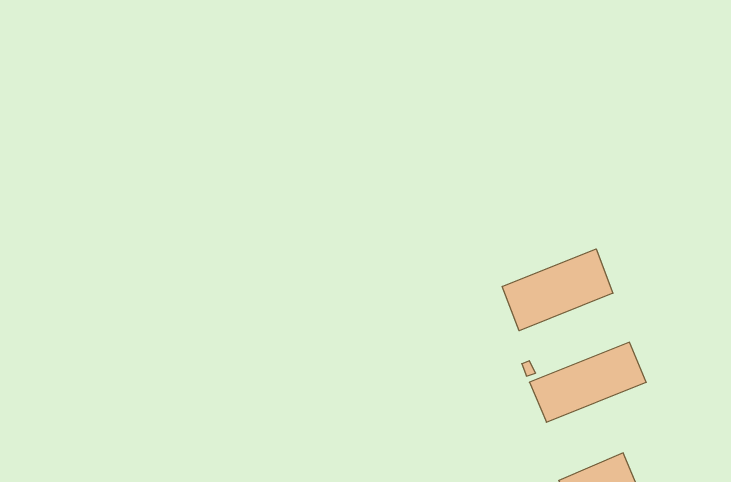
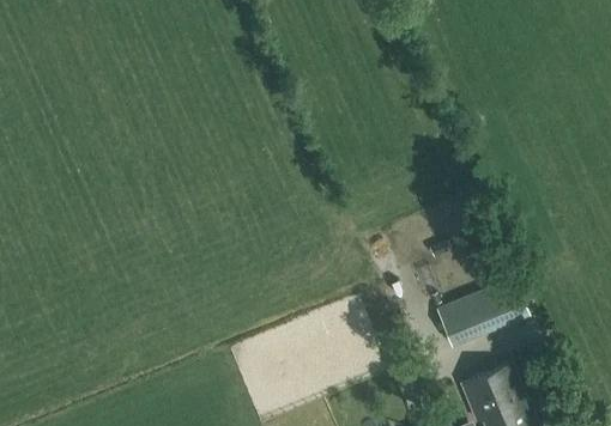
building: [502,249,613,331] -> none

